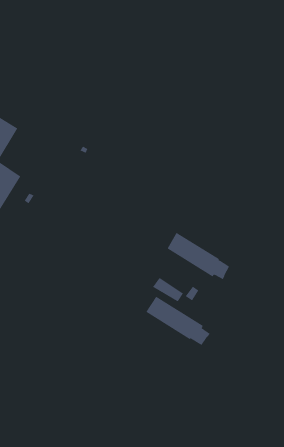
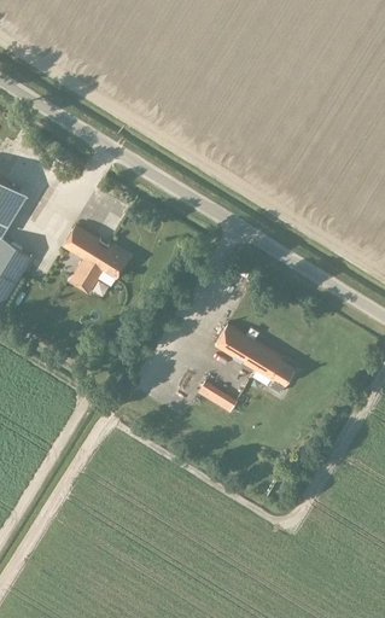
building: none -> [64,226,129,295]
building: [145,296,211,346] -> none

